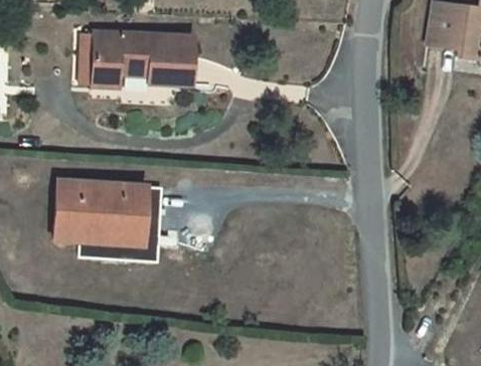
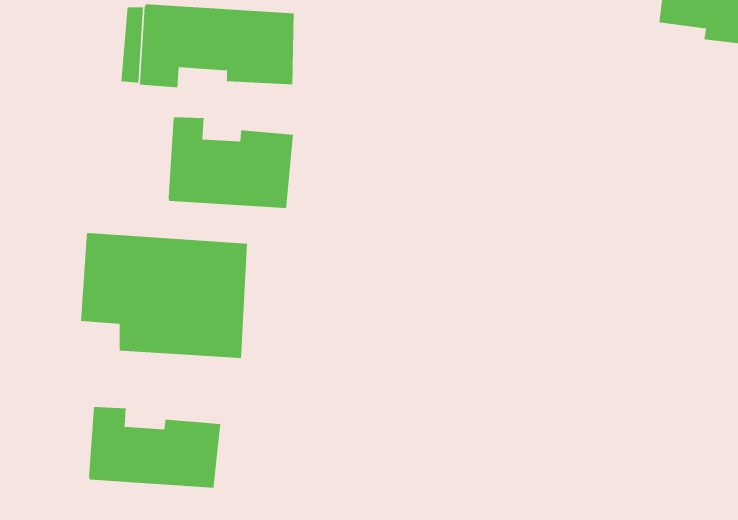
building: none -> [168,116,293,209]
building: none -> [89,406,221,489]

